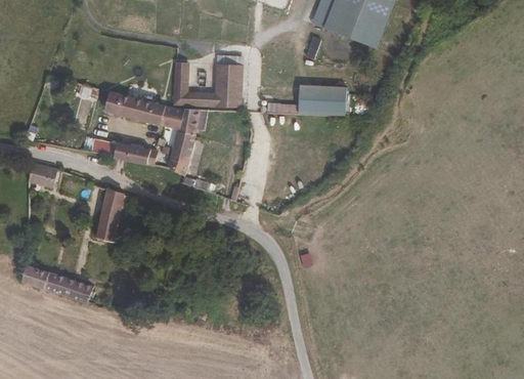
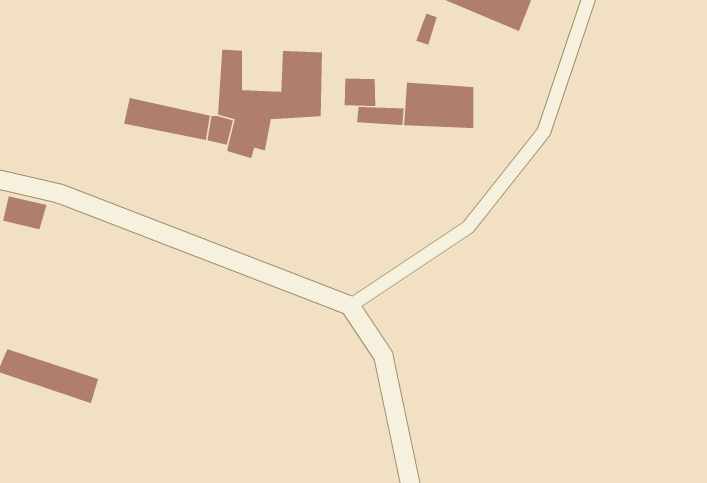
building: none -> [344,78,376,107]
building: [168,131,194,182] -> none
building: [97,142,152,169] -> none
building: [94,187,121,238] -> none

